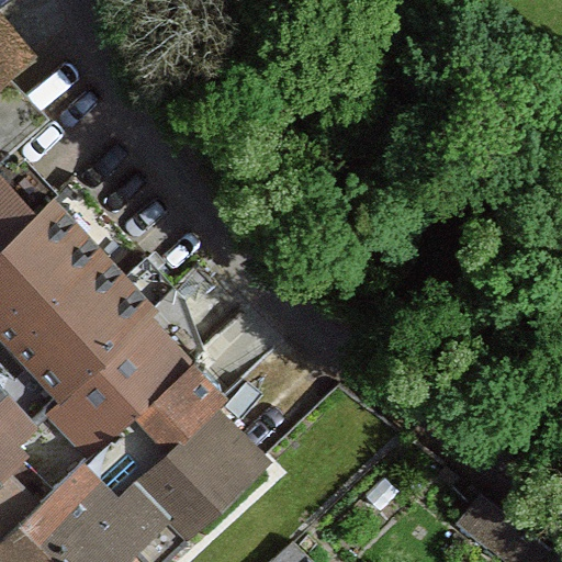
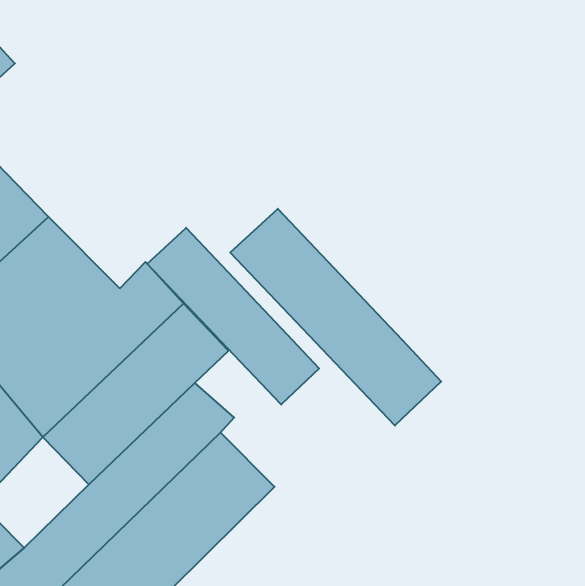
building: none -> [230,209,441,426]
building: none -> [147,228,319,405]

